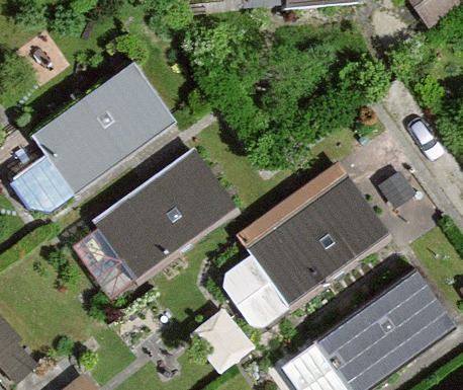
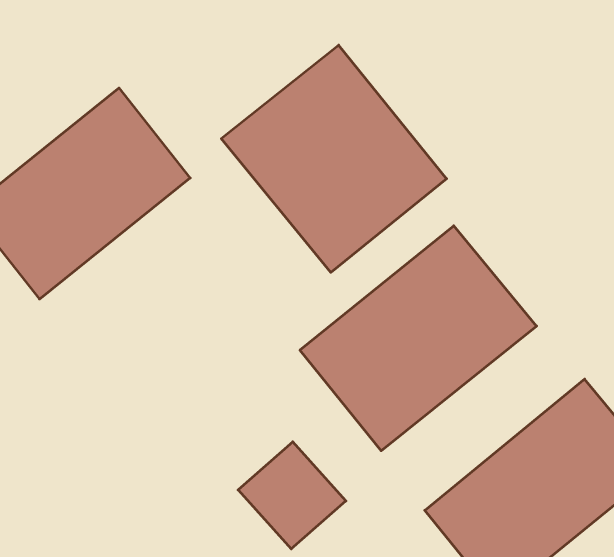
building: none -> [221,45,447,272]
building: [93,150,235,279] -> none

